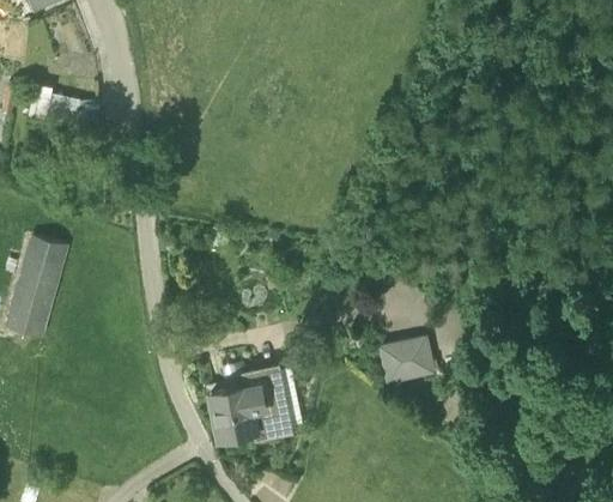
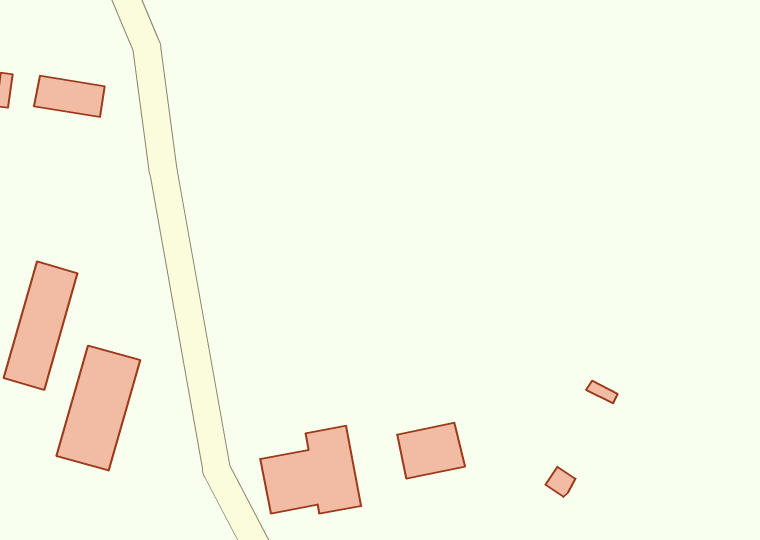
building: none -> [57,346,140,471]
building: [378,339,432,383] -> [397,423,465,479]

